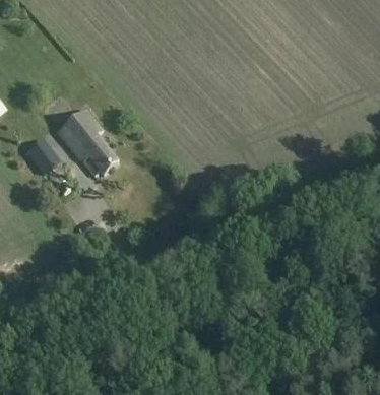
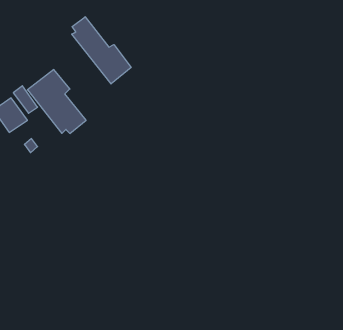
building: none -> [72,17,131,84]

